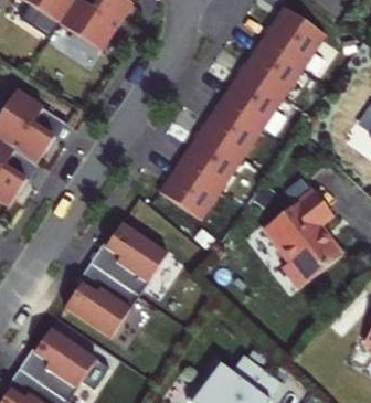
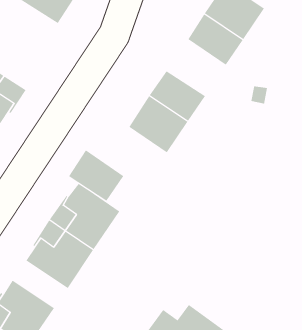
building: [219,67,284,129] -> none
building: [159,162,220,219] -> [68,150,124,202]
building: [263,189,342,287] -> none

